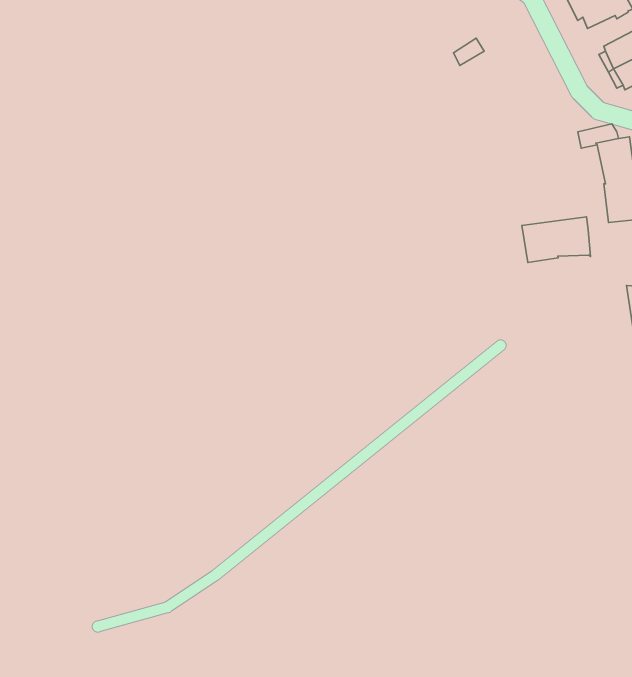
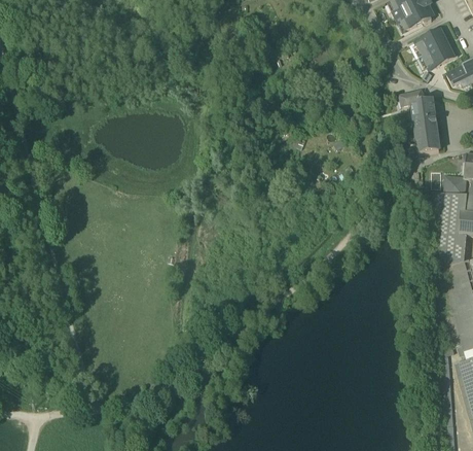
building: [522,217,591,263] -> none

